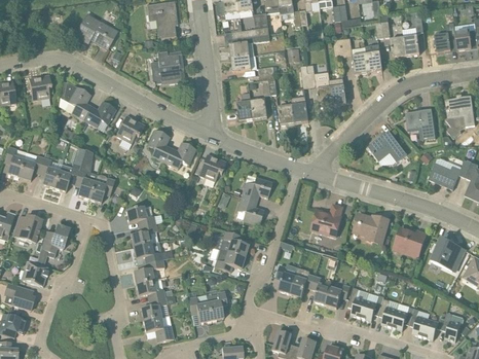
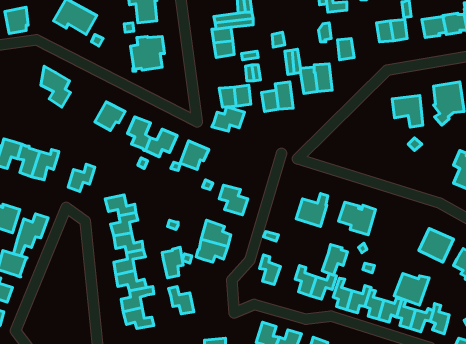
building: [365,43,382,71] -> none
building: [29,73,51,99] -> [5,7,28,34]
building: [83,100,116,127] -> none
building: [368,130,406,160] -> none
building: [75,148,95,198] -> none
building: [429,158,471,188] -> none
building: [241,176,272,200] -> [212,107,244,131]
building: [393,227,427,258] -> [394,274,429,305]
building: [290,266,315,296] -> [322,245,347,275]
building: [207,289,227,319] -> [162,247,183,278]

